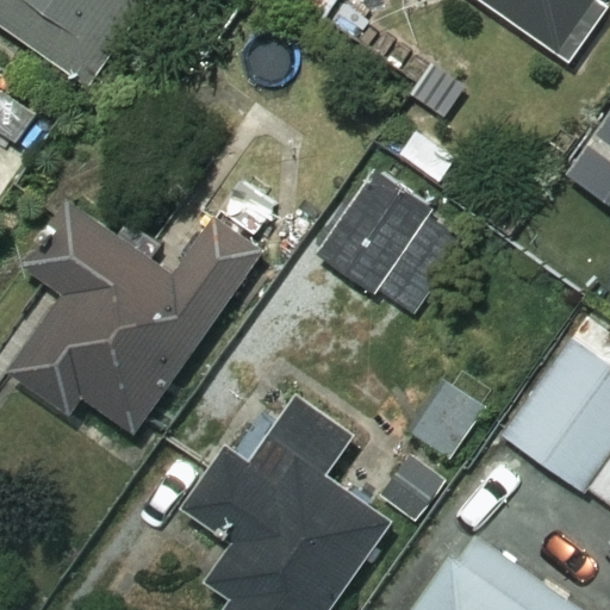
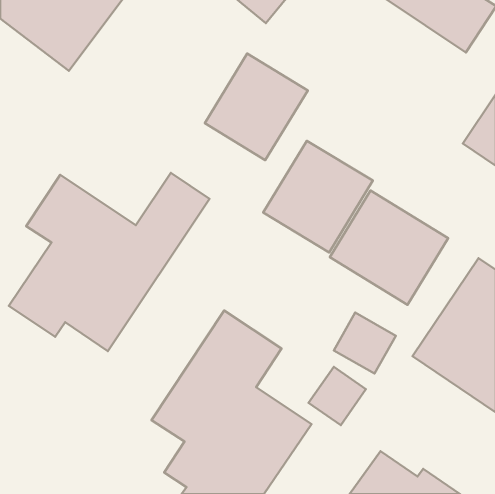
building: none -> [205,53,308,160]
building: none -> [330,190,448,305]

